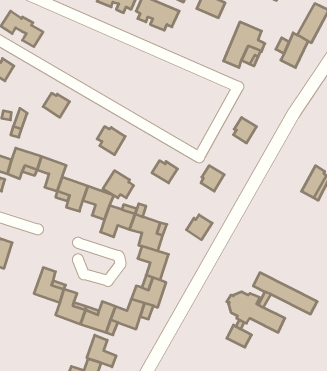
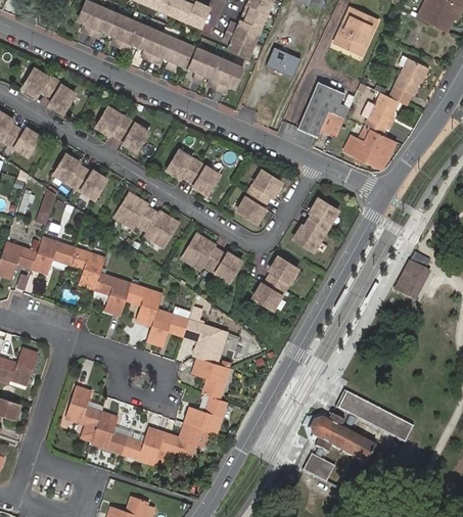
building: none -> [96,107,149,150]
building: none -> [346,128,396,167]
building: none -> [167,150,220,194]
building: none -> [54,153,86,185]
building: none -> [238,171,282,223]
building: none -> [114,192,151,225]
building: none -> [294,220,326,251]
building: [103,171,134,198] -> [181,233,219,267]
building: [186,215,212,240] -> [254,279,286,310]
building: [87,335,116,367] -> none

